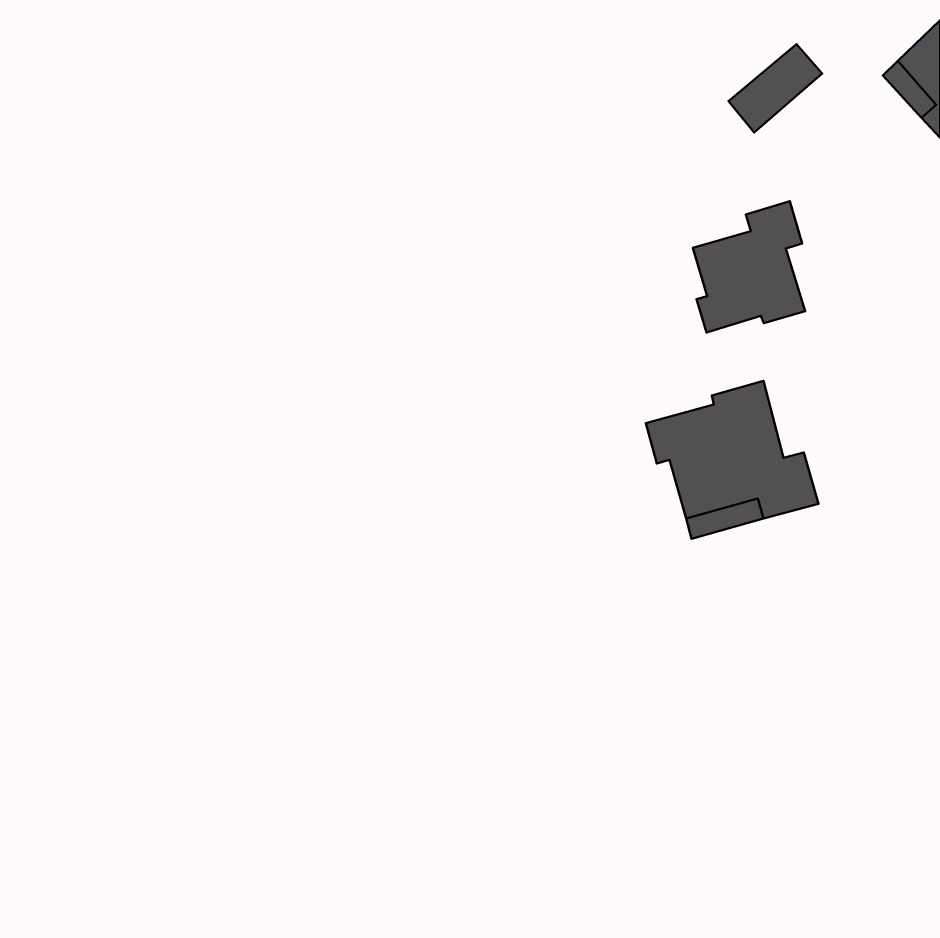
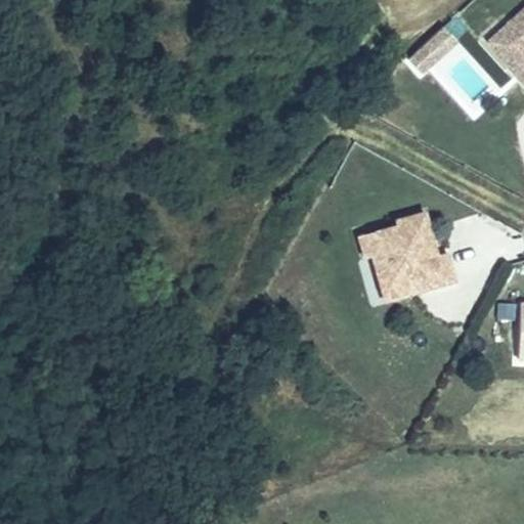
building: [693,201,805,332] -> none

